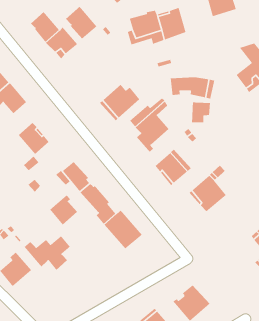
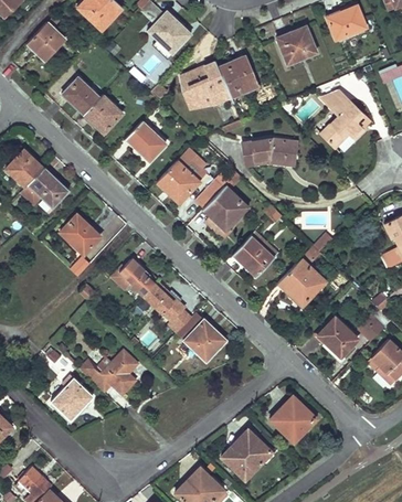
building: [65,6,98,39] -> [126,120,167,161]
building: [191,101,211,123] -> none
building: [49,195,78,226] -> none
building: none -> [317,317,357,356]

